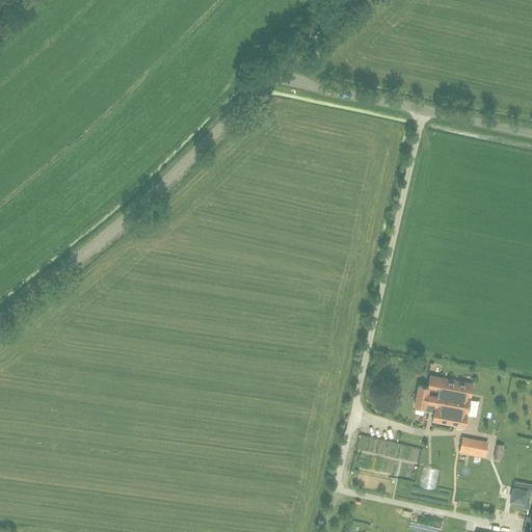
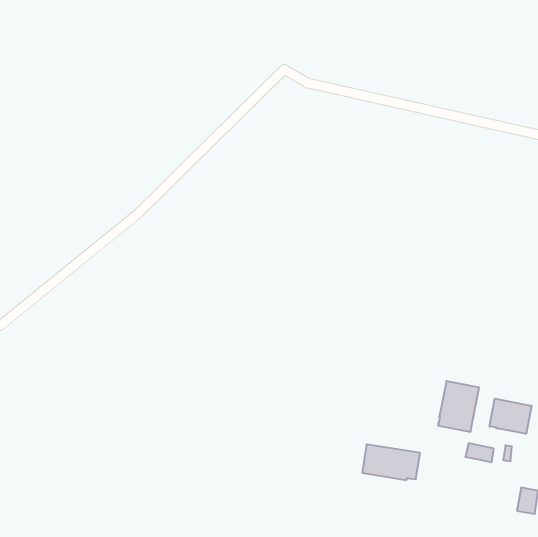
building: [415,374,441,407] -> none
building: none -> [490,399,532,434]

